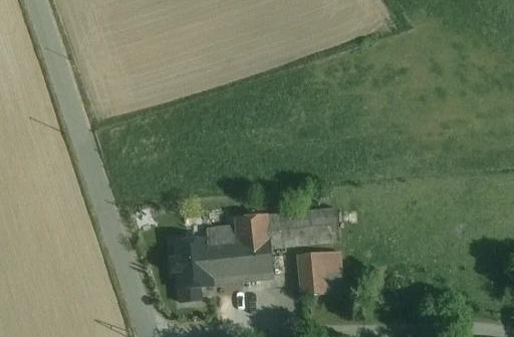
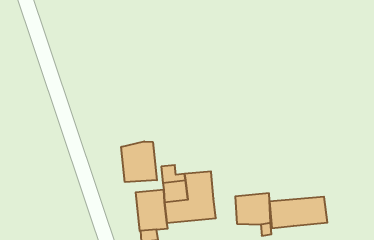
building: none -> [121,141,157,182]
building: [266,211,338,250] -> [269,197,327,228]

